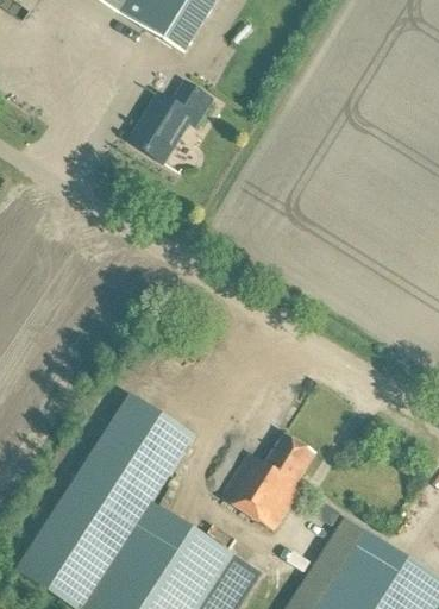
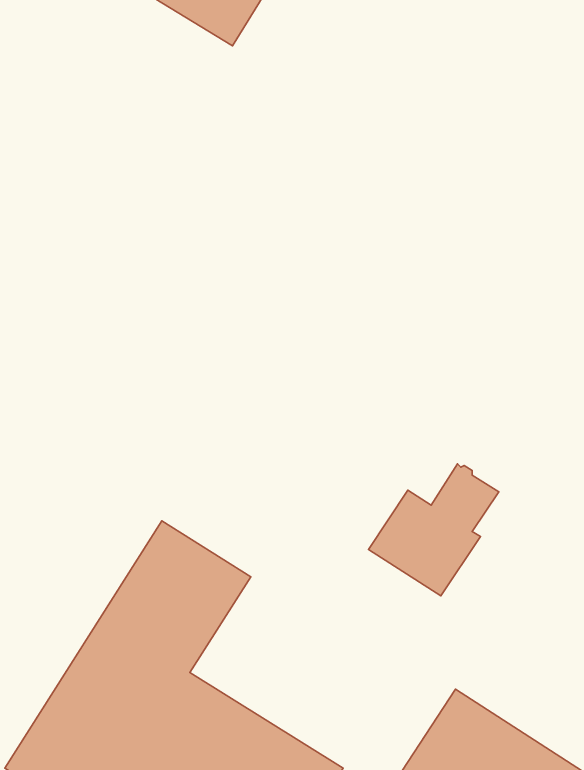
building: [126,82,209,164] -> none
building: [219,435,313,530] -> [368,464,499,596]

